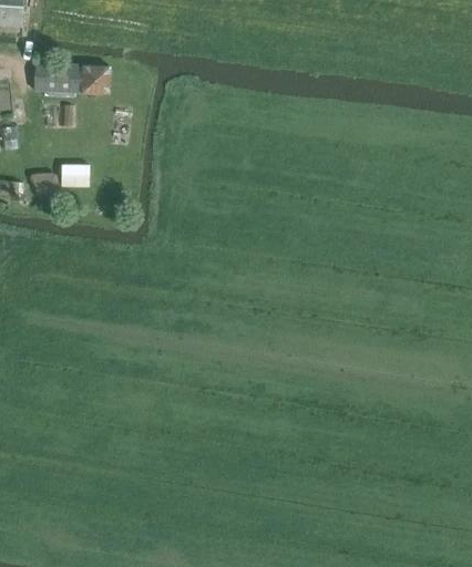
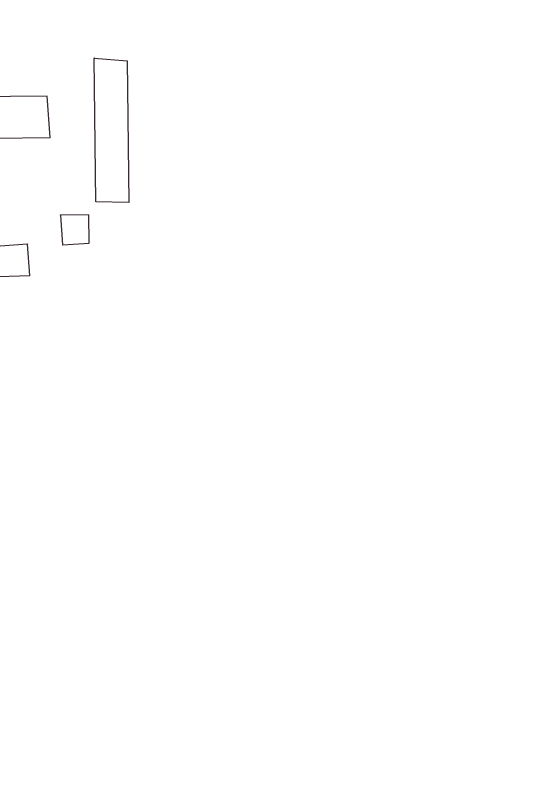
building: none -> [94,58,129,202]

